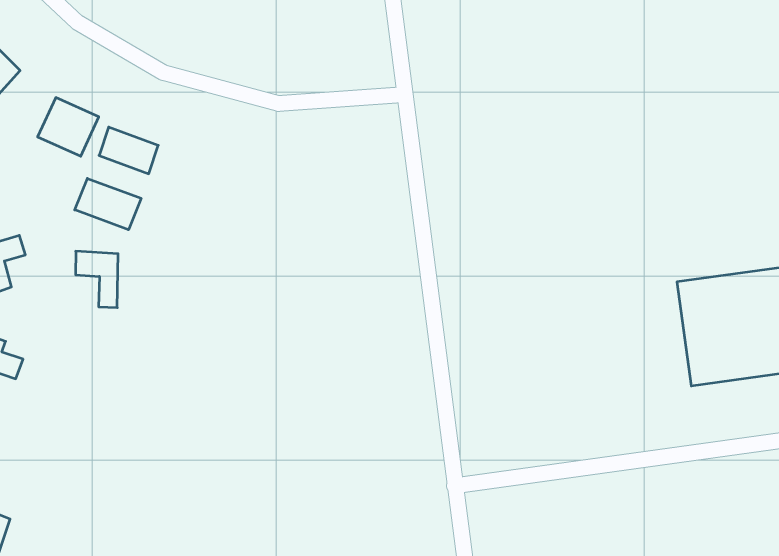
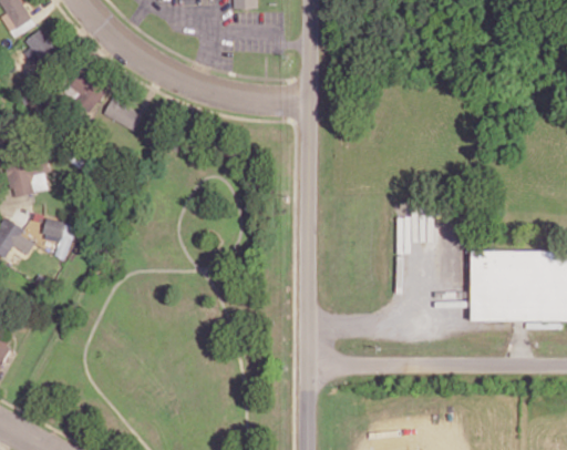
building: [75,178,141,230] -> none
building: [76,251,118,308] -> [42,218,72,259]

